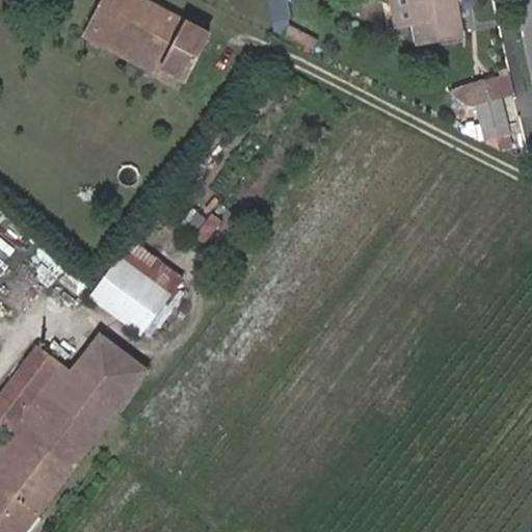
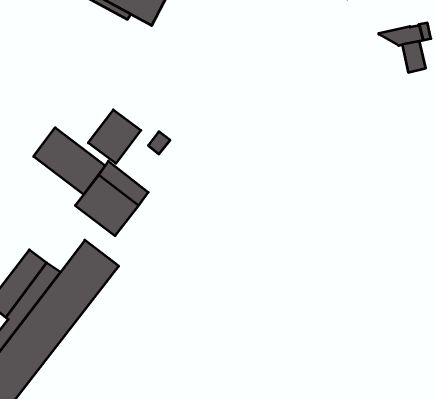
building: none -> [88,110,141,163]
building: none -> [34,128,105,195]

